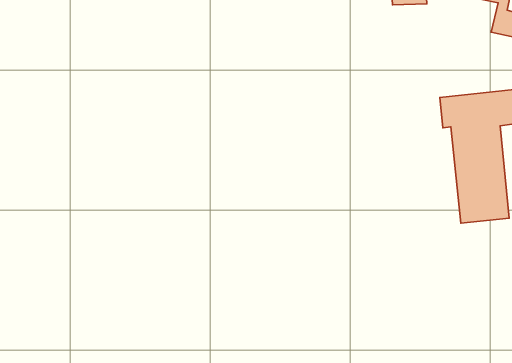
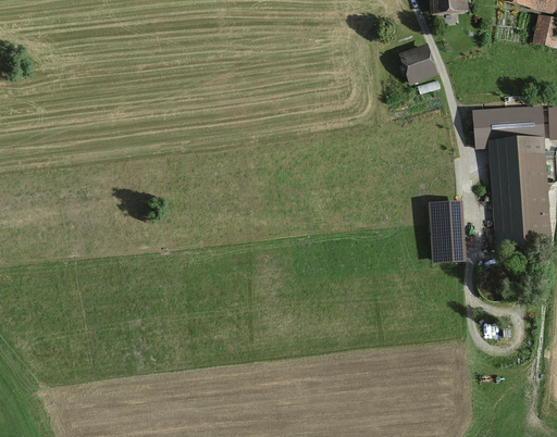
building: none -> [397,41,435,82]
building: none -> [428,201,462,261]

